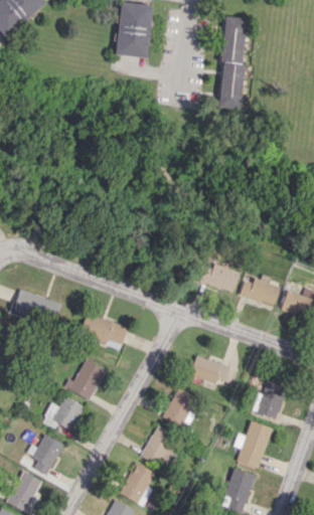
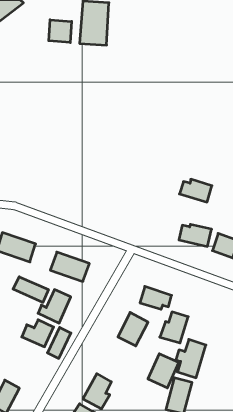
building: [218,16,248,109] -> none
building: none -> [49,20,72,43]
building: [198,264,239,292] -> [179,179,212,202]
building: none -> [13,277,48,302]
building: [252,380,287,418] -> [160,312,188,343]
building: [142,425,180,468] -> [148,354,179,388]
building: [33,437,62,475] -> [47,327,71,358]

